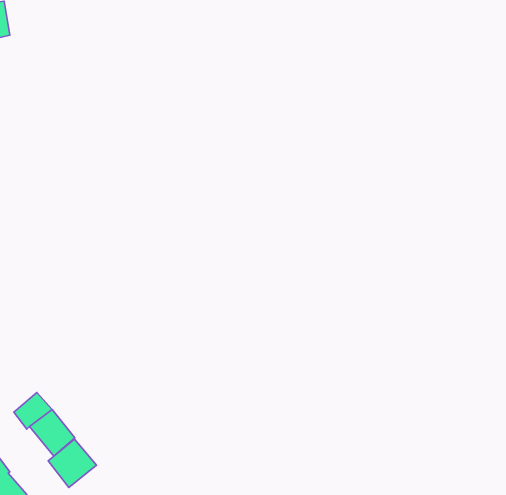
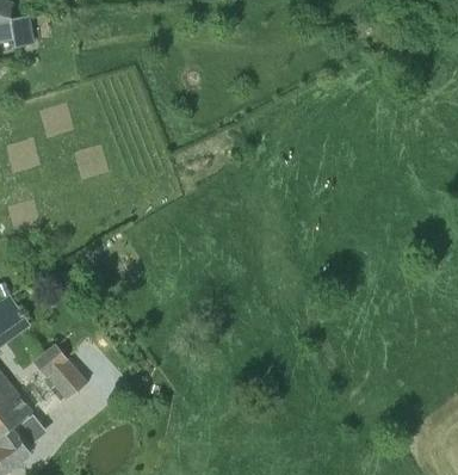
building: [48,439,97,488] -> none

